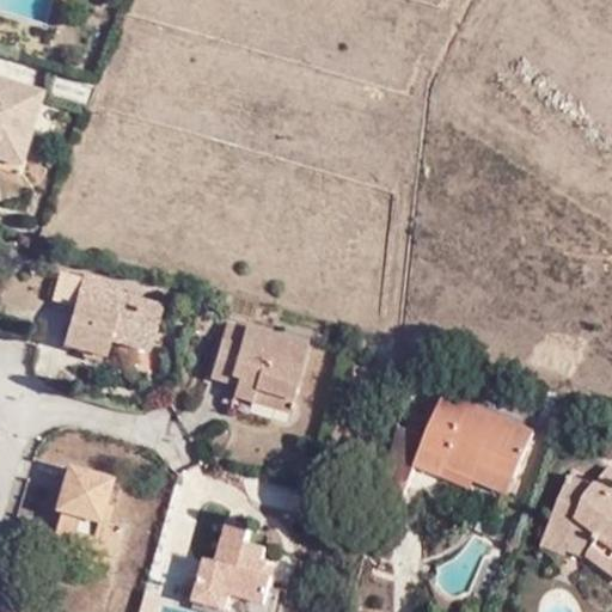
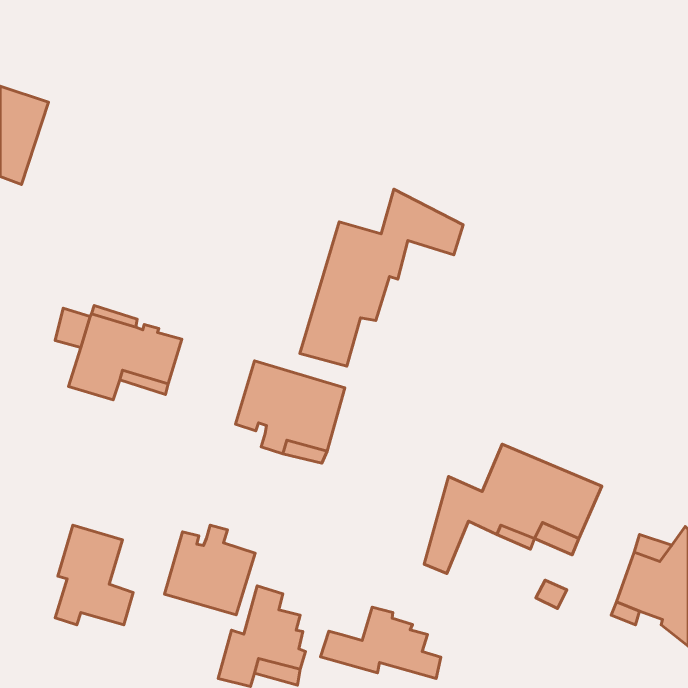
building: none -> [300,189,463,366]
building: none -> [165,525,255,615]
building: none -> [321,607,441,678]

